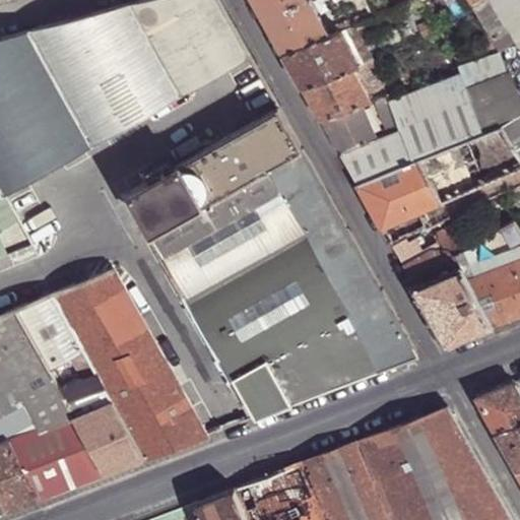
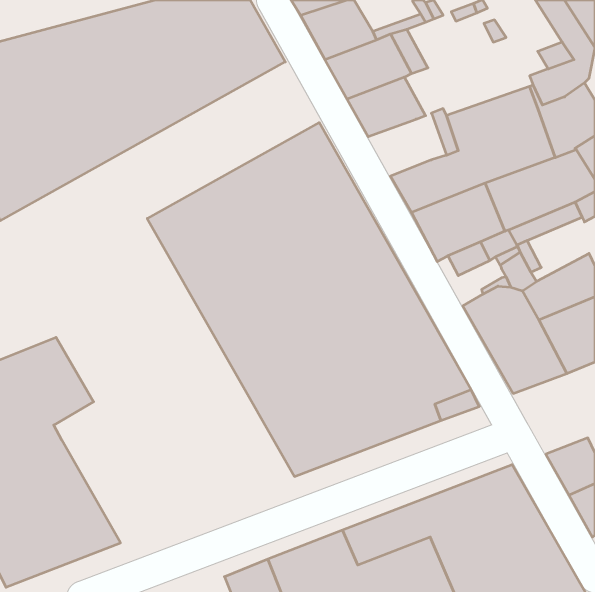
building: [320,108,375,157] -> none
building: [49,273,204,476] -> none

